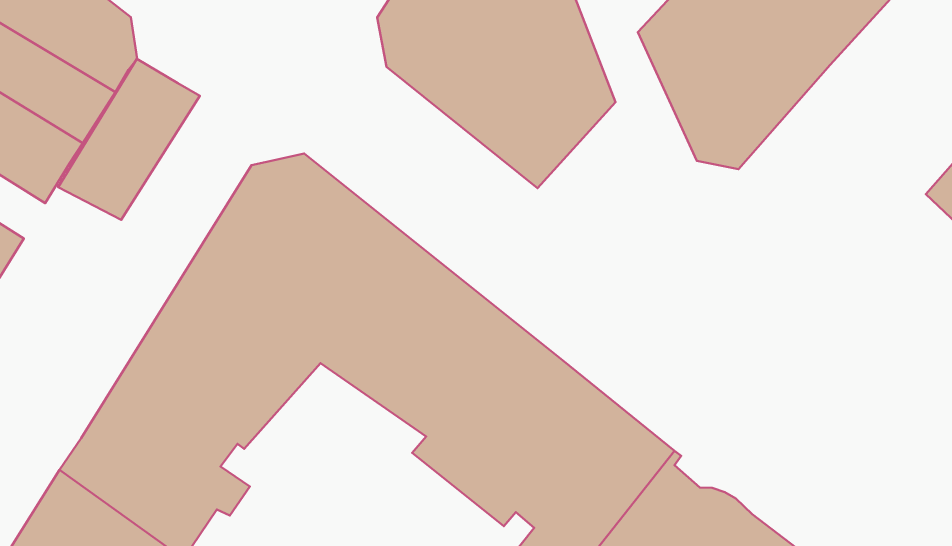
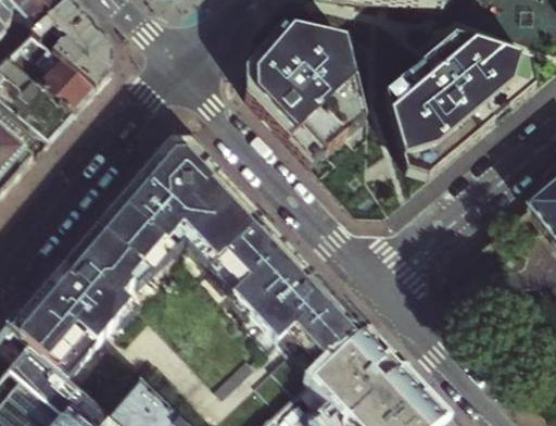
building: [58,59,200,220] -> none

